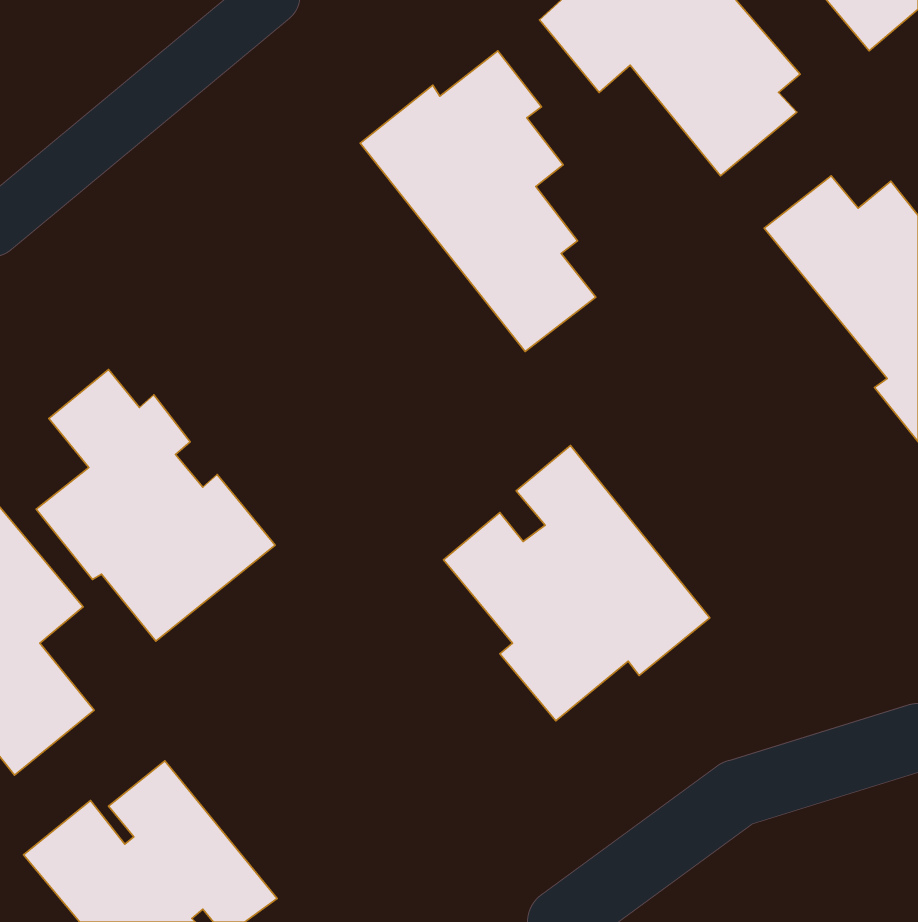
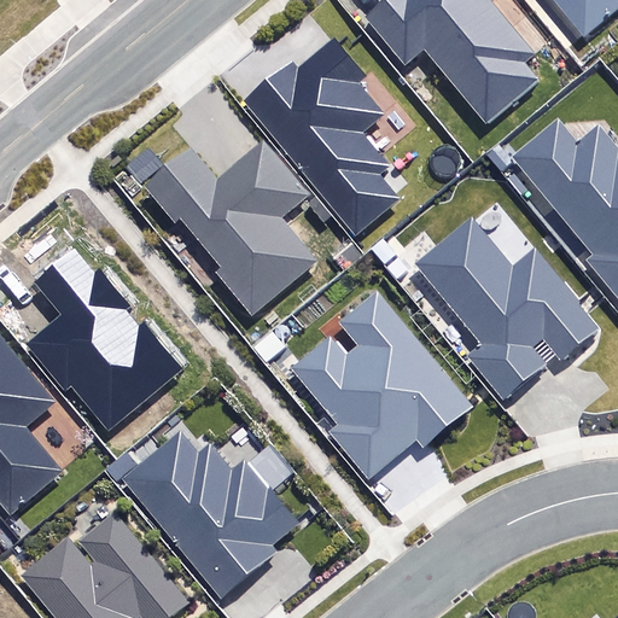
building: none -> [153,147,315,314]
building: none -> [419,223,601,403]
building: none -> [129,438,301,601]

